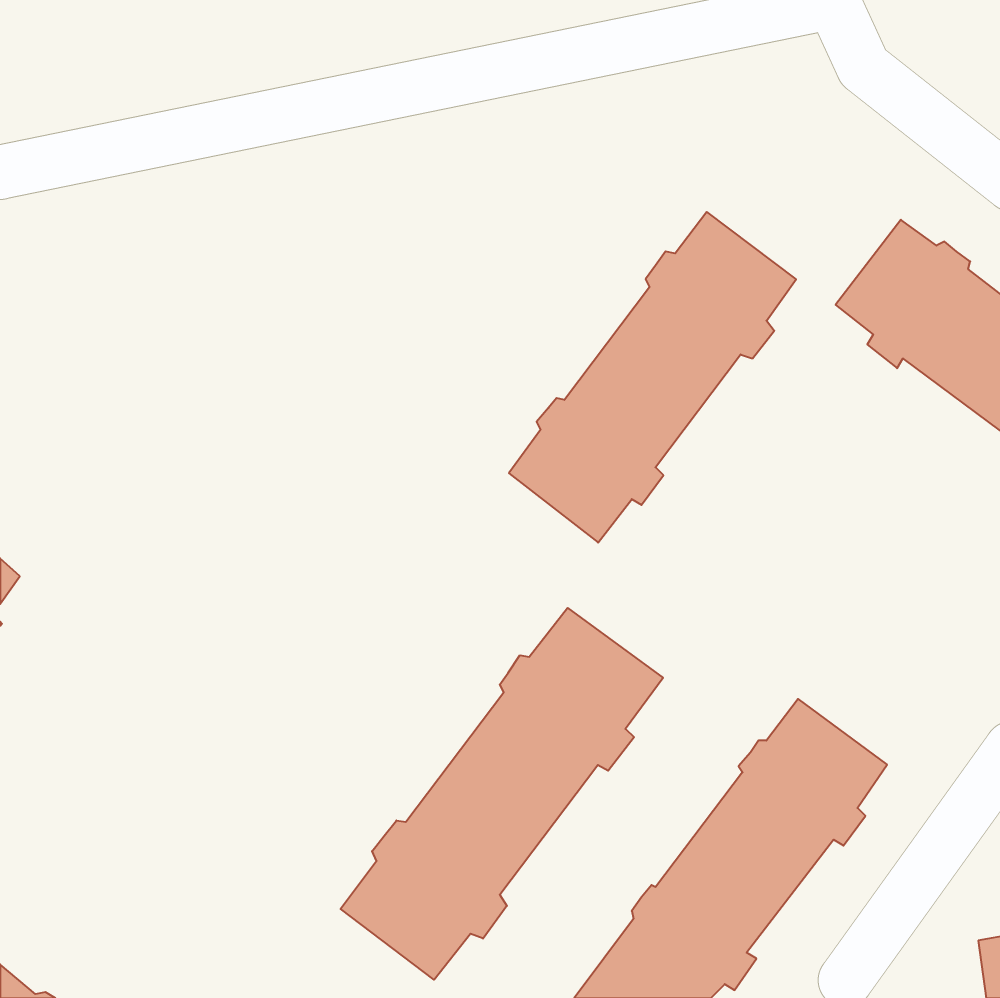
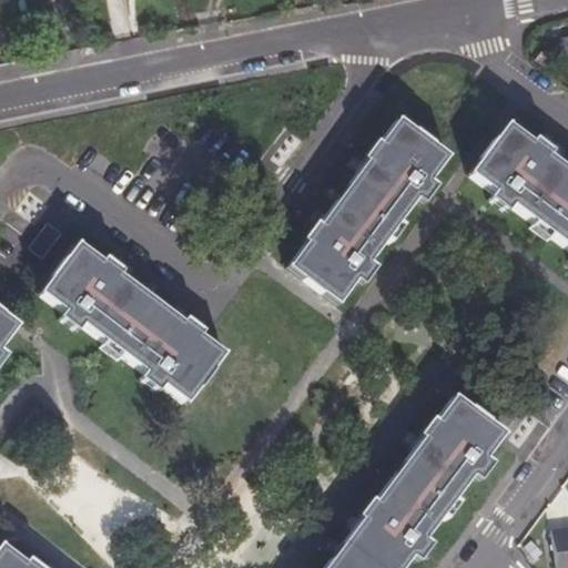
building: none -> [45,239,227,398]
building: [341,608,663,980] -> none

